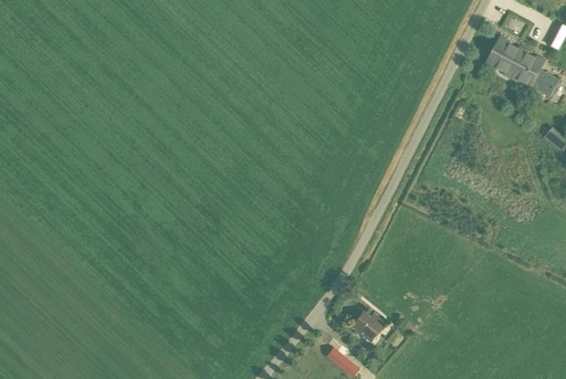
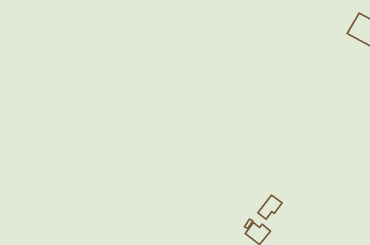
building: none -> [258,195,282,219]

